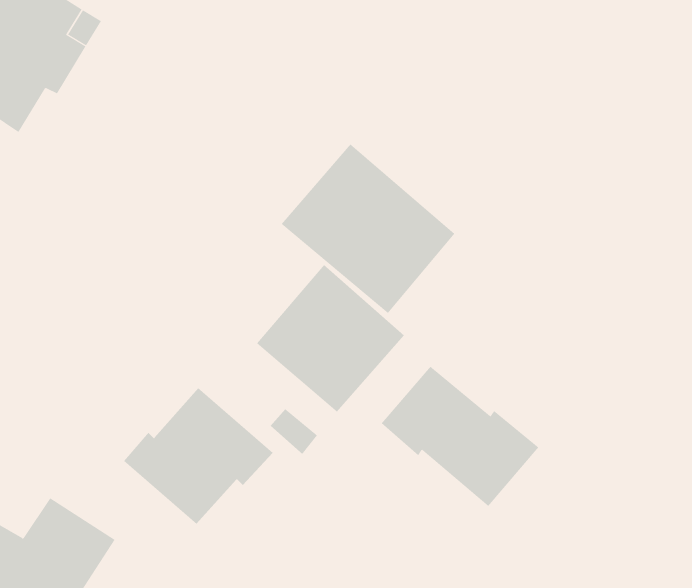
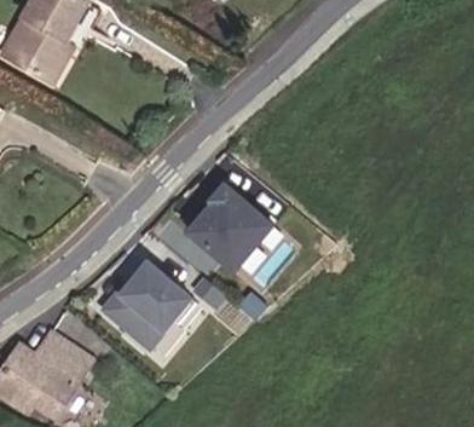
building: [281,144,455,314] -> none
building: [381,366,539,507] -> none

